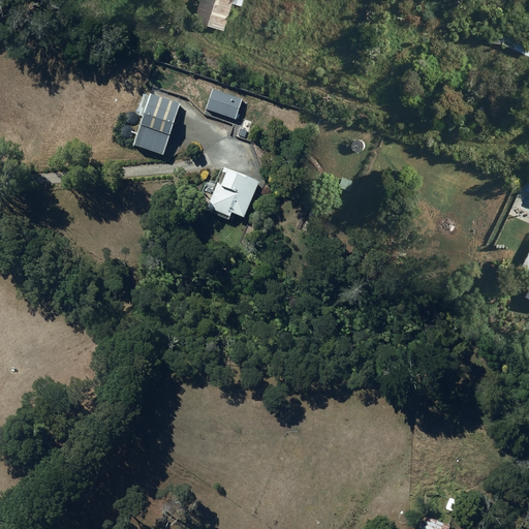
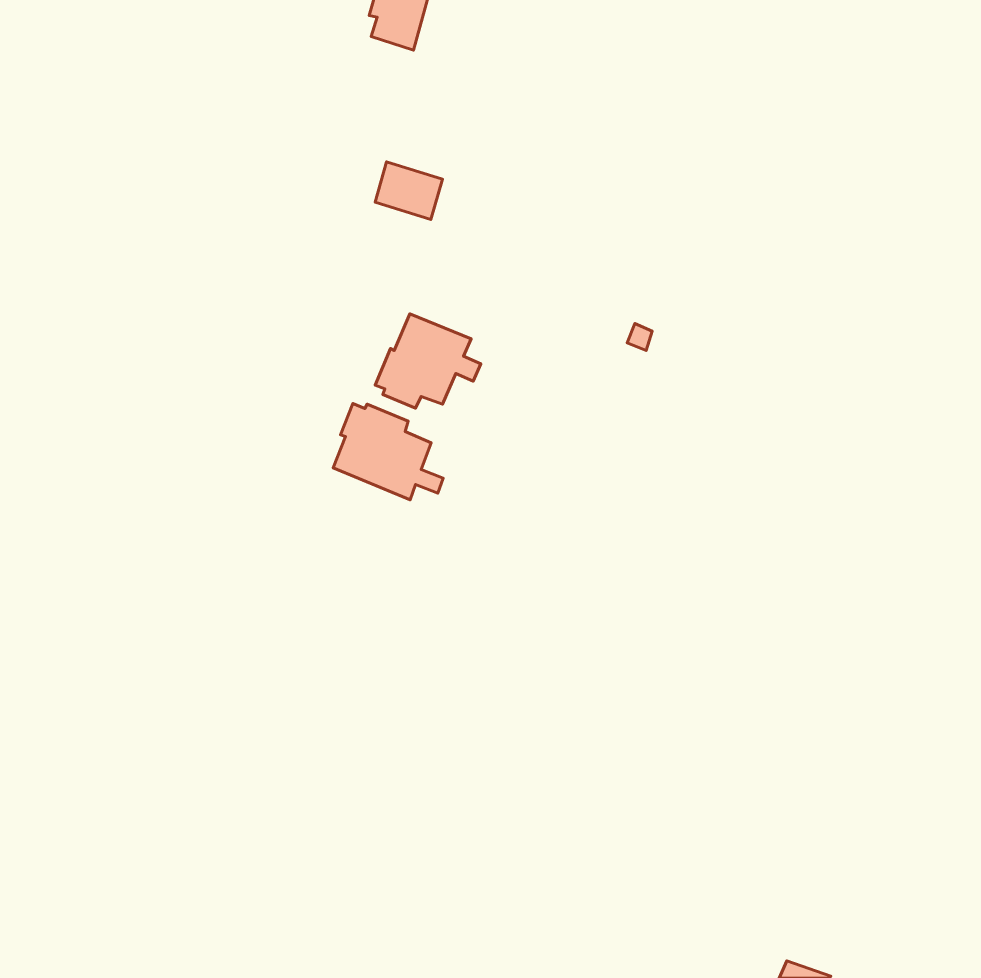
building: [139,92,183,151] -> none
building: none -> [333,404,443,500]

